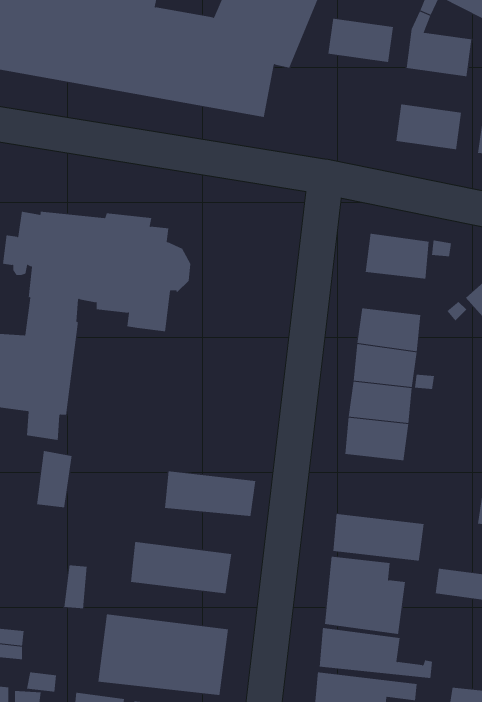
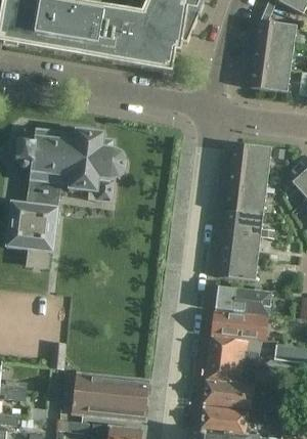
building: [328,18,394,62] -> [253,43,293,70]
building: none -> [229,166,268,191]
building: [36,450,72,508] -> none
building: [164,471,256,517] -> [215,287,270,314]
building: [130,541,232,594] -> none

